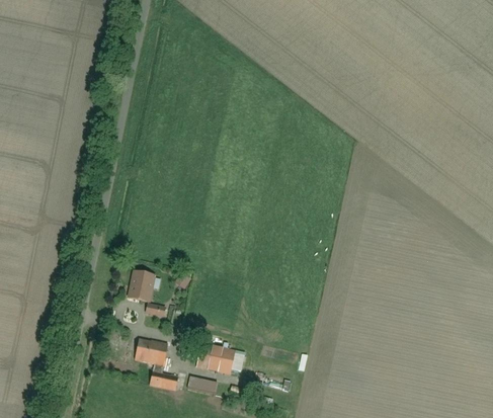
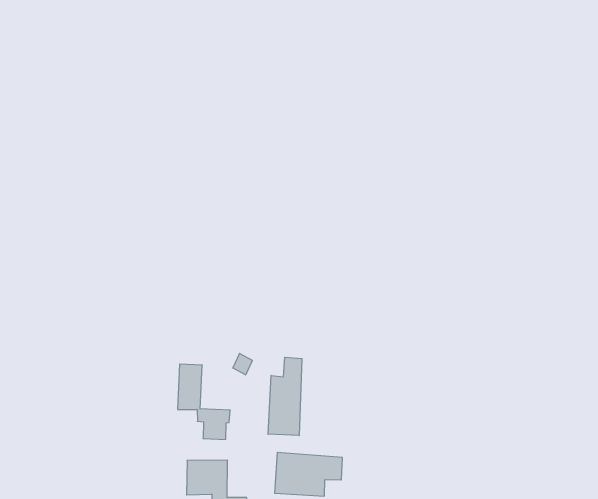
building: none -> [268,357,302,436]

